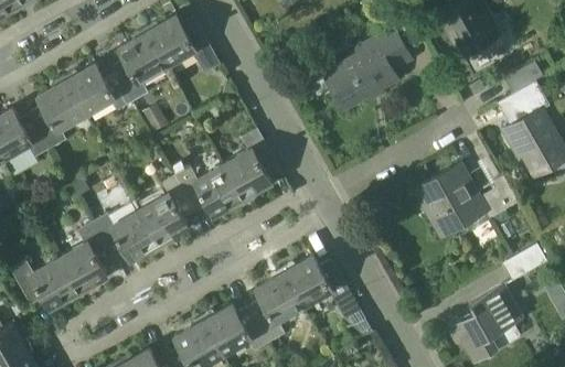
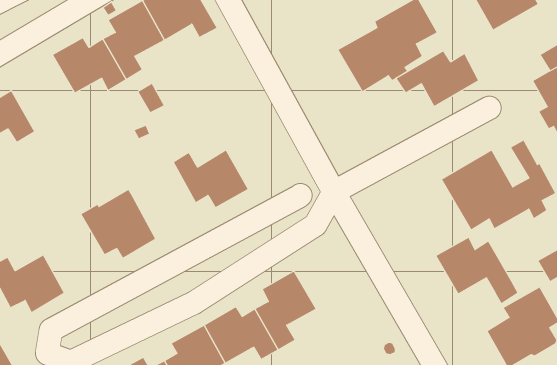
building: none -> [396,51,479,107]
building: [30,79,86,148] -> none
building: [222,128,277,199] -> none
building: [137,175,194,244] -> none
building: [58,222,113,292] -> none
building: [282,256,356,315] -> [436,237,518,304]

